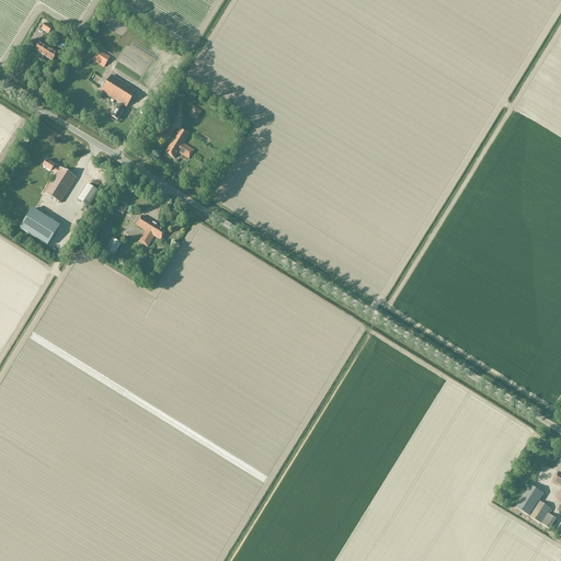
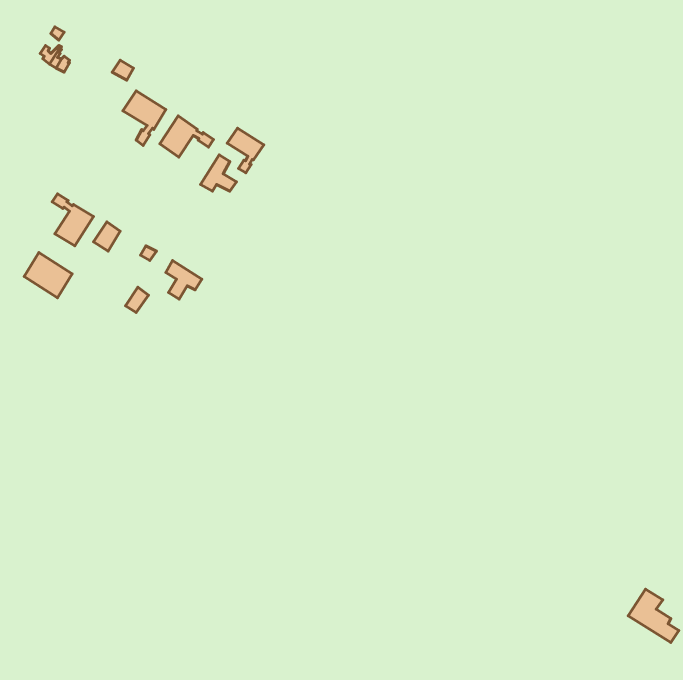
building: none -> [160,116,213,157]
building: none -> [227,128,264,173]

